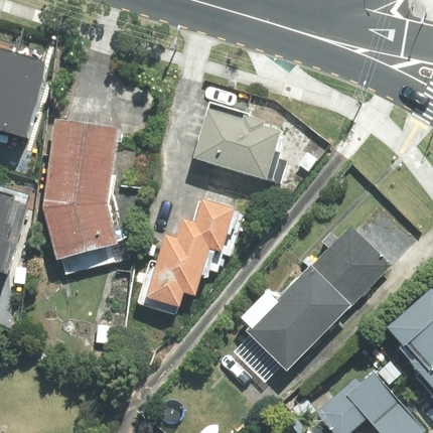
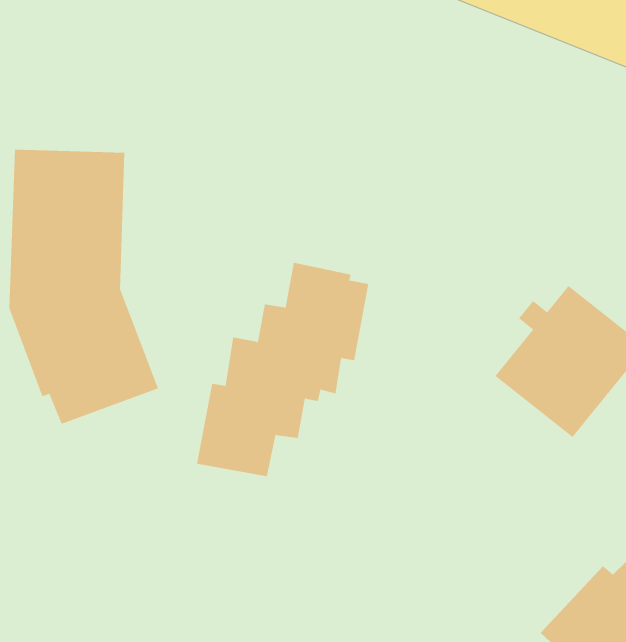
building: [193,109,286,182] -> none
building: [234,272,344,381] -> none

